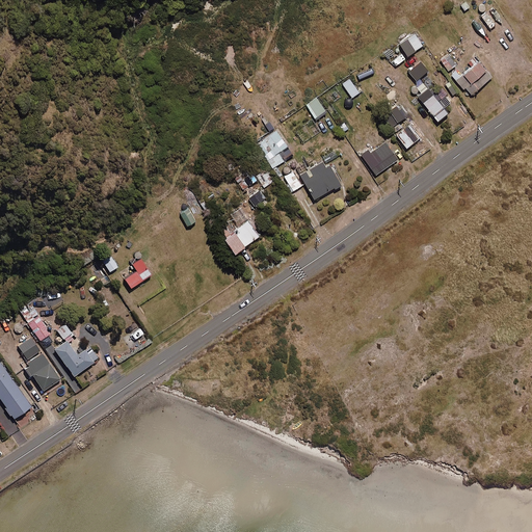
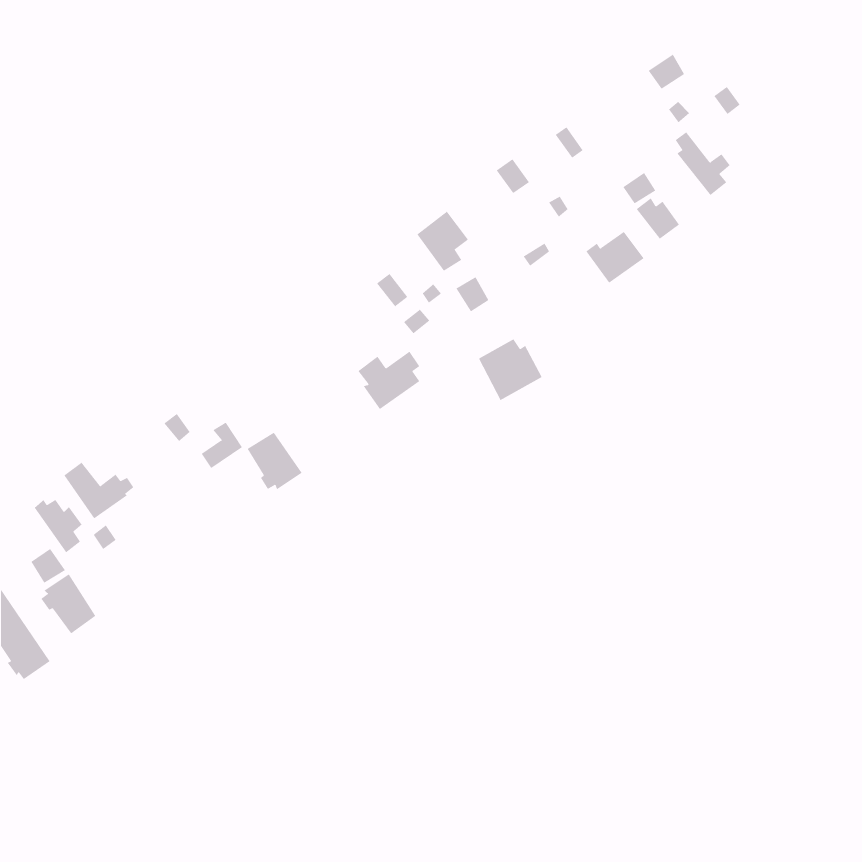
building: [456,61,491,96] -> none
building: [300,161,340,200] -> [478,338,542,401]
building: none -> [247,432,302,490]
building: [55,341,99,376] -> [63,462,134,519]

